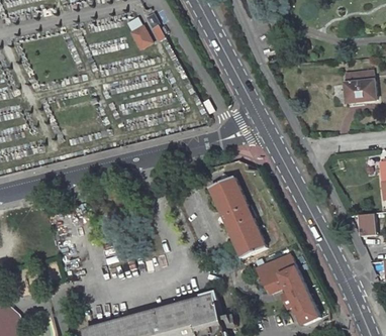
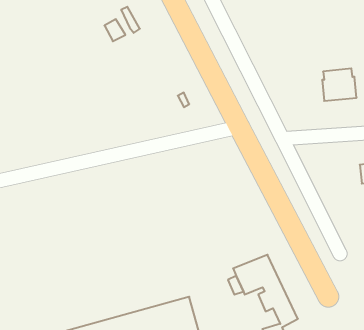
building: [209,174,265,254] -> none
building: [359,213,377,236] -> none

